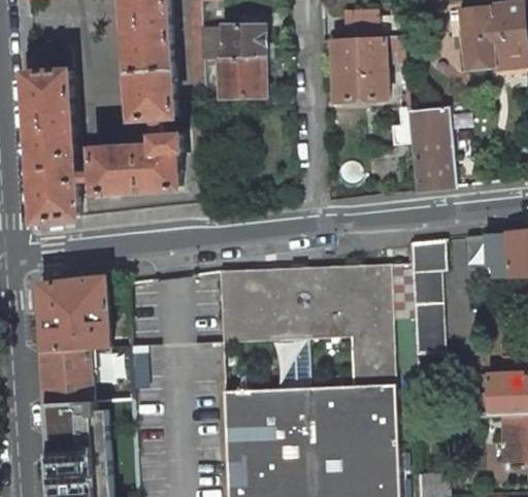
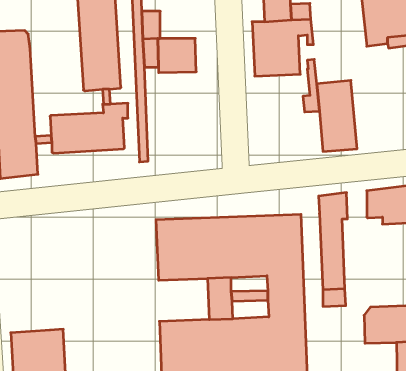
building: [223,26,264,58] -> none
building: [38,277,110,404] -> none

